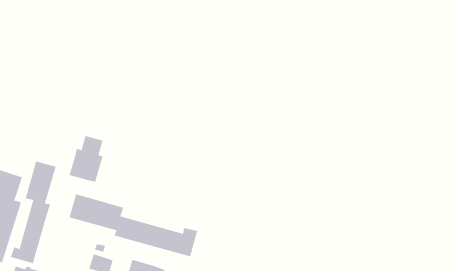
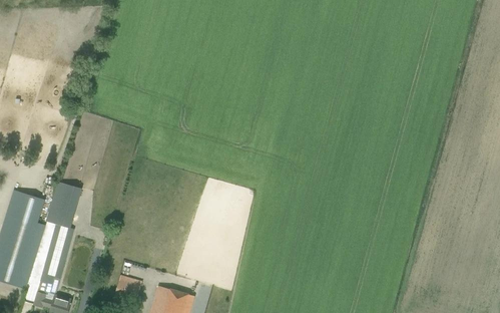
building: [69,135,103,182] -> none
building: [69,193,198,257] -> none

